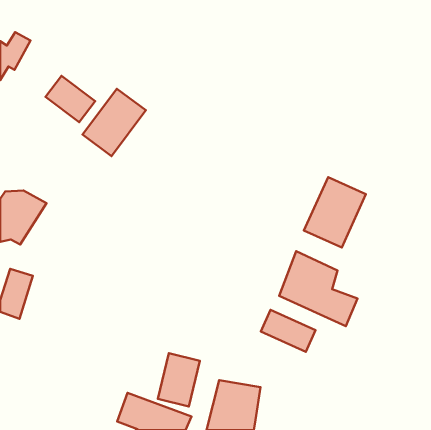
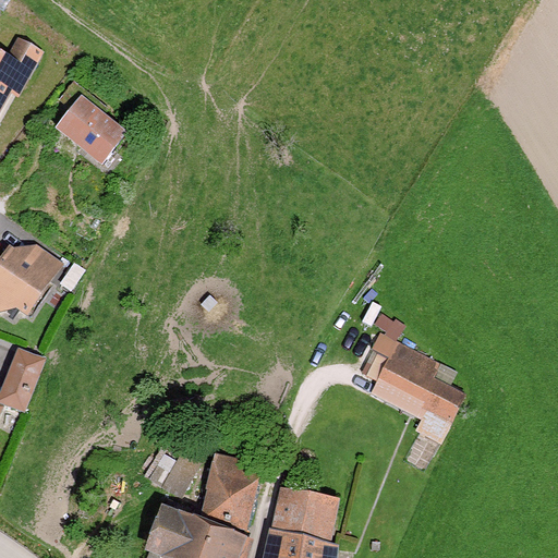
building: [83,89,146,156] -> none
building: [304,177,366,247] -> none
building: [261,310,315,352] -> none

